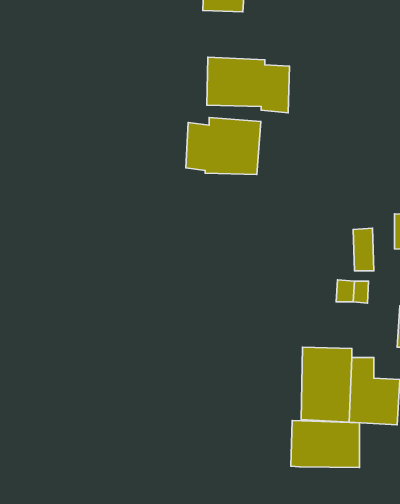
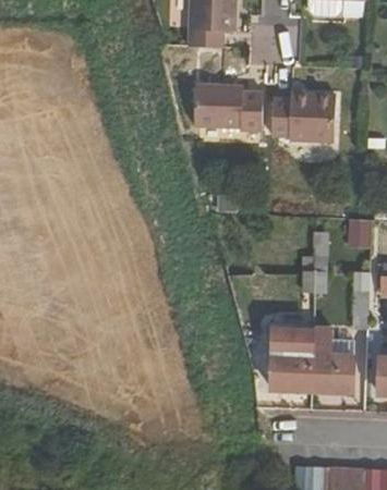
building: [186,117,261,174] -> [270,91,334,139]
building: [291,420,360,467] -> none

